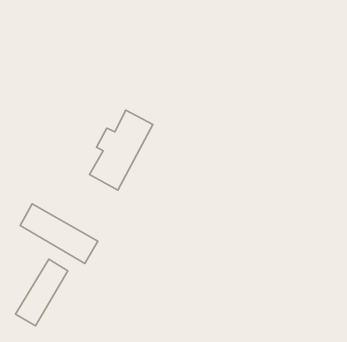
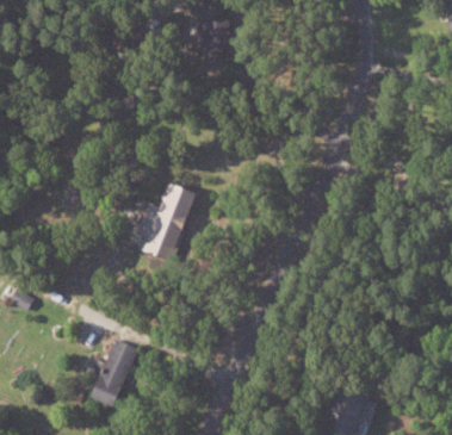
building: [20,204,98,263] -> none

